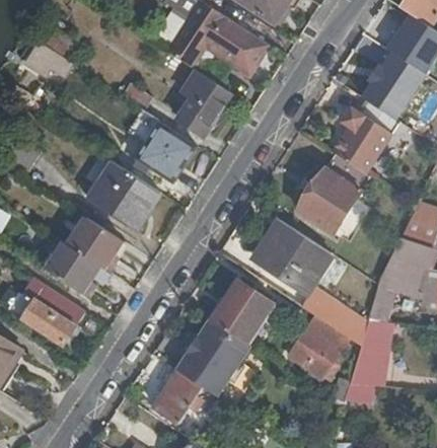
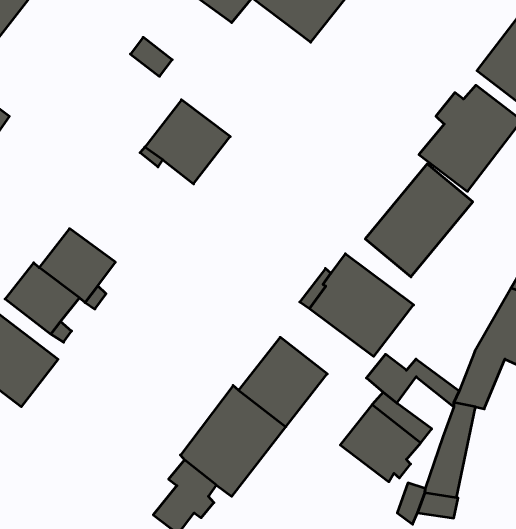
building: [176,71,230,136] -> none
building: [90,163,161,233] -> none
building: [323,305,363,346] -> none

